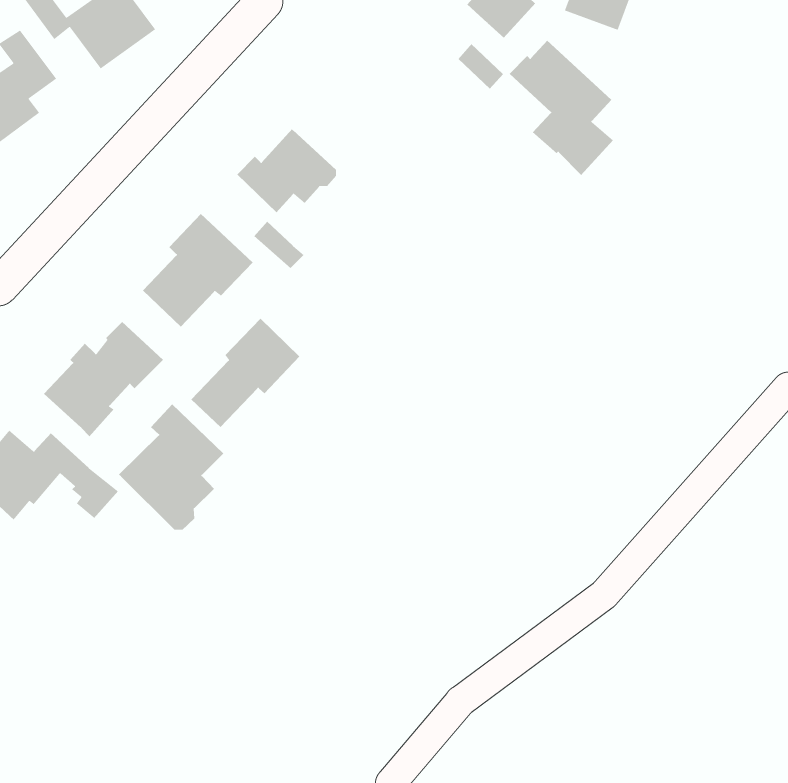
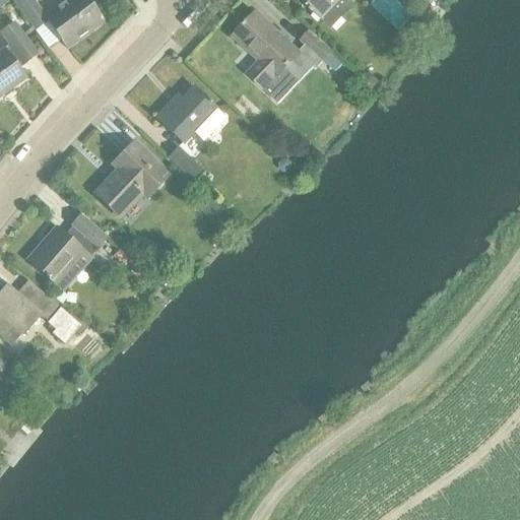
building: [509,40,614,176] -> [232,11,301,101]
building: [191,318,300,428] -> none
building: [118,404,224,530] -> none

